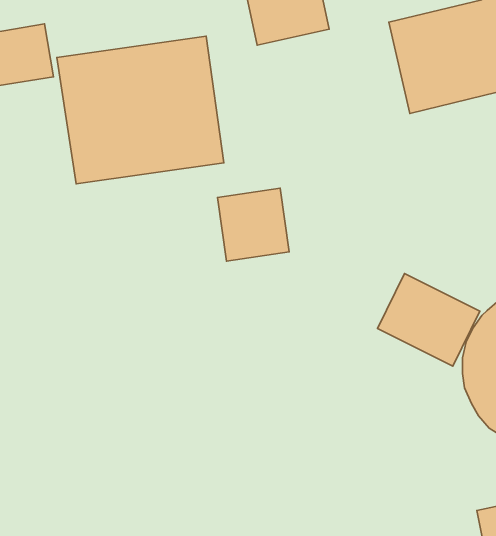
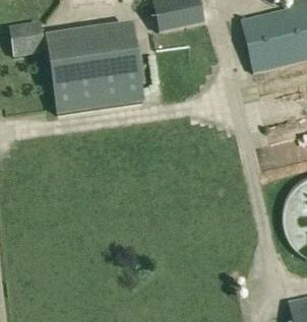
building: [217,188,289,261] -> none
building: [377,274,480,366] -> none

